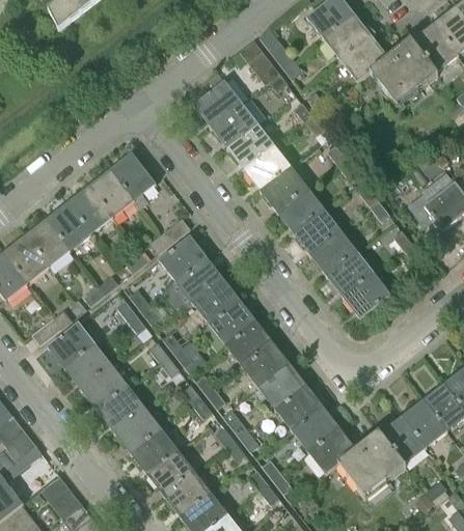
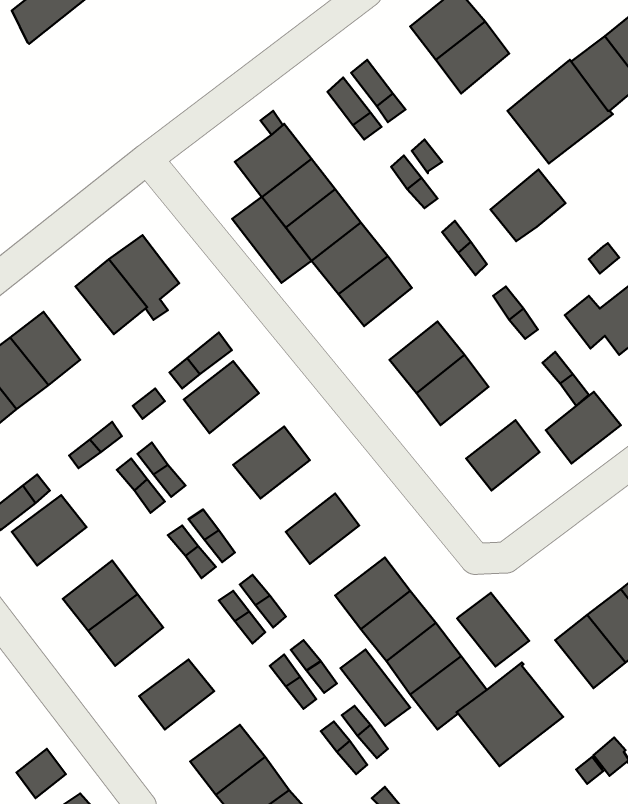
building: [339,35,388,82] -> [491,170,565,241]
building: none -> [232,197,311,283]
building: [67,187,113,234] -> none
building: [276,188,324,234] -> none
building: [326,252,375,299] -> [546,392,621,463]
building: [175,256,224,303] -> none
building: [209,300,257,346] -> none
building: [241,342,290,388] -> none
building: [63,343,112,390] -> none
building: [114,409,162,453] -> none
building: [379,417,426,465] -> [457,593,529,666]
building: none -> [340,650,410,726]
building: [146,450,195,496] -> none

